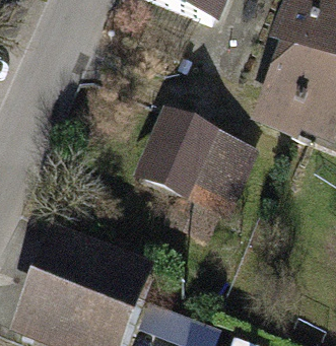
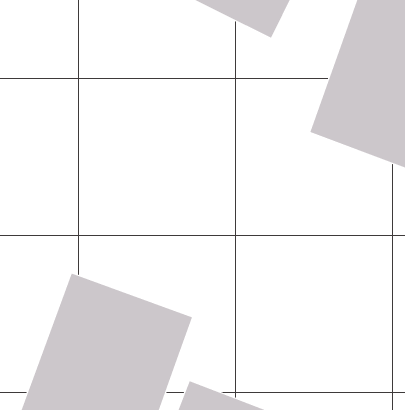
building: [140,114,259,234] -> none

